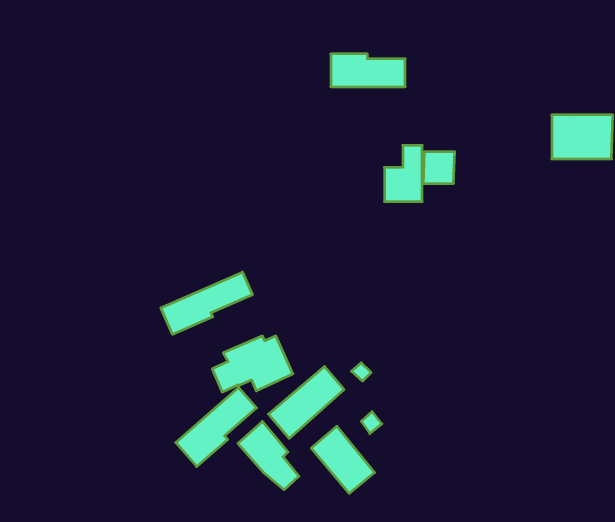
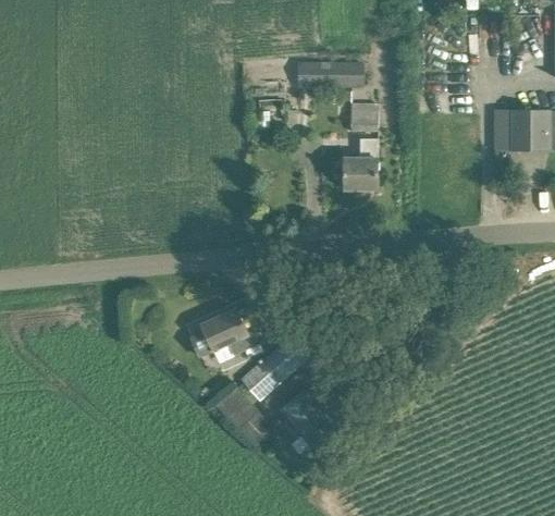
building: [423,152,455,183] -> [349,102,378,131]
building: [161,272,252,334] -> none
building: [176,388,257,467] -> none

